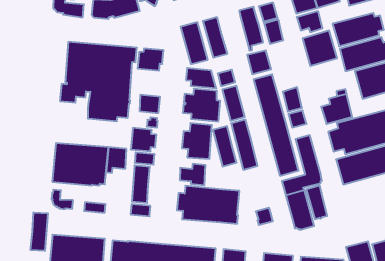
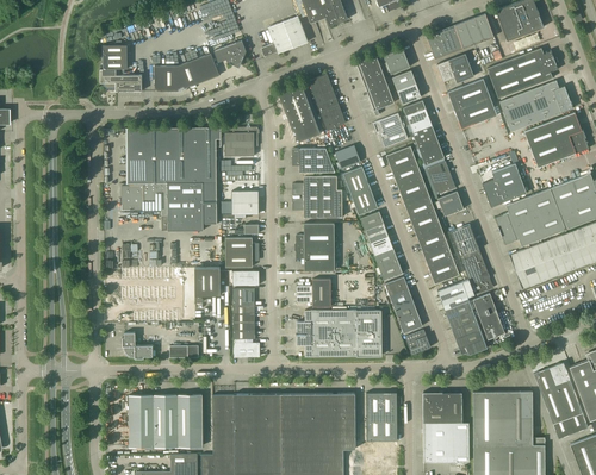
building: none -> [403,101,443,165]
building: [213,126,237,166] -> [385,277,422,333]
building: [31,212,48,251] -> none

